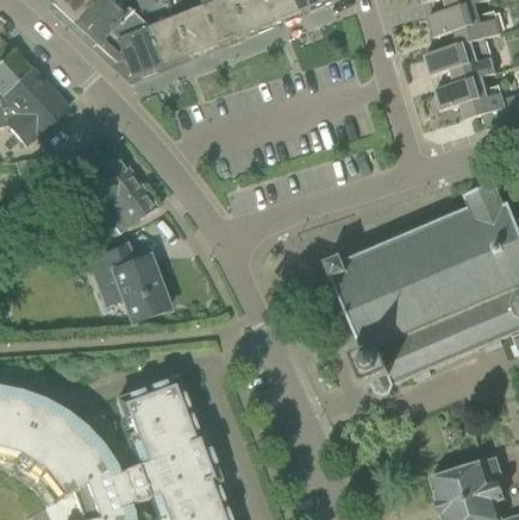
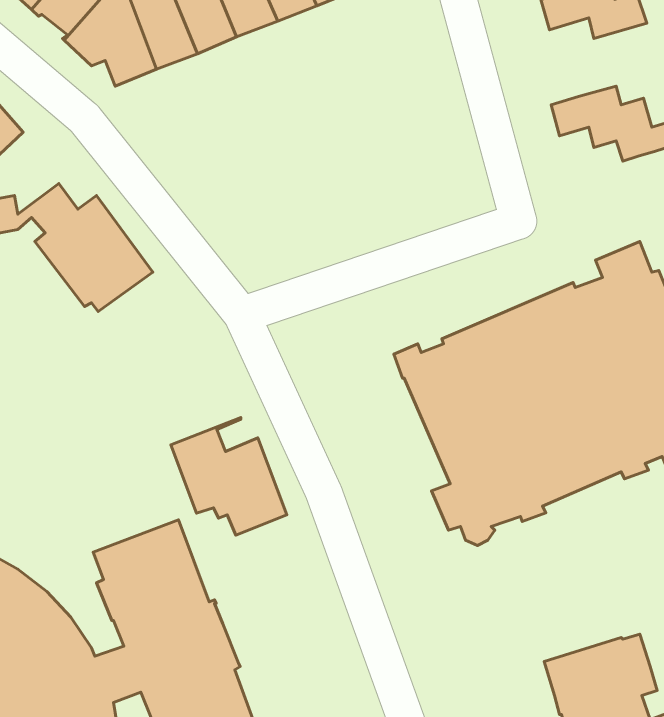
building: [426,31,504,80] -> none
building: [89,240,170,322] -> [171,417,287,535]

